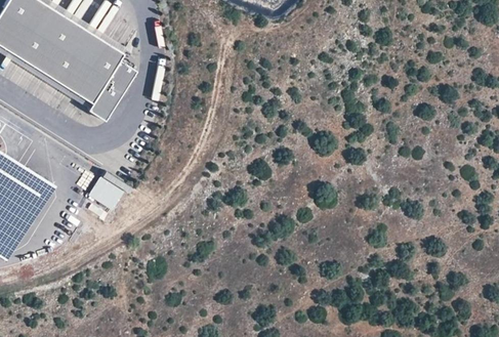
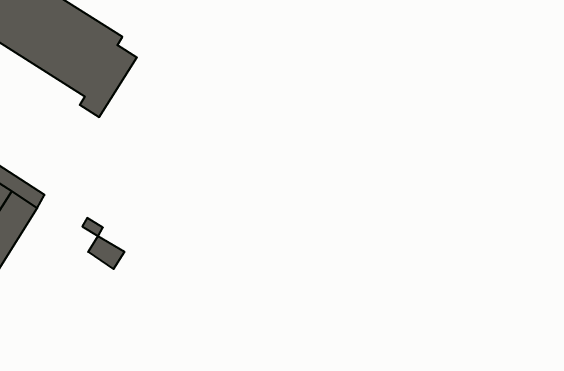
building: [88,180,119,208] -> [88,236,125,269]

